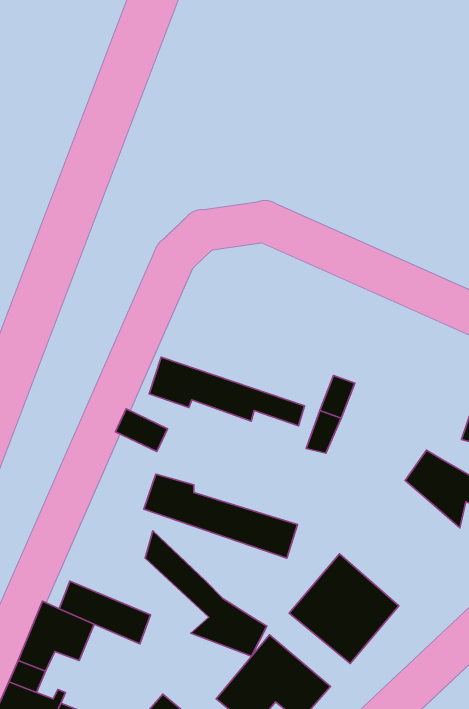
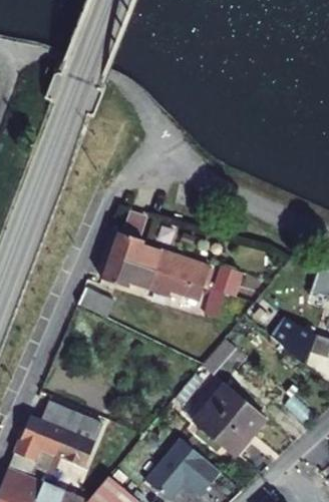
building: [144,474,298,558] -> [108,231,210,287]
building: [145,531,267,656] -> none
building: none -> [54,430,94,466]

